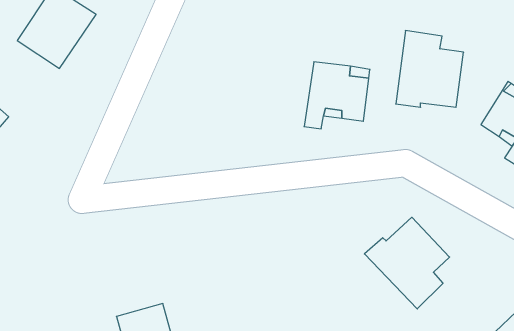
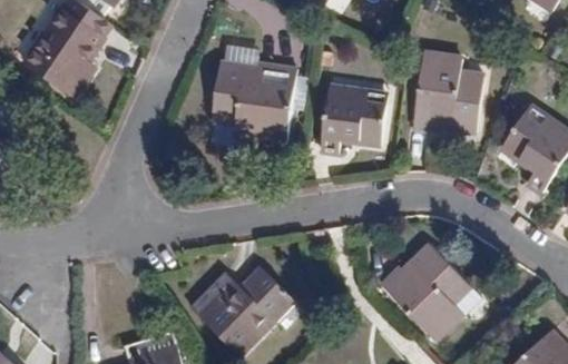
building: none -> [212,63,297,145]
building: none -> [189,267,293,354]

